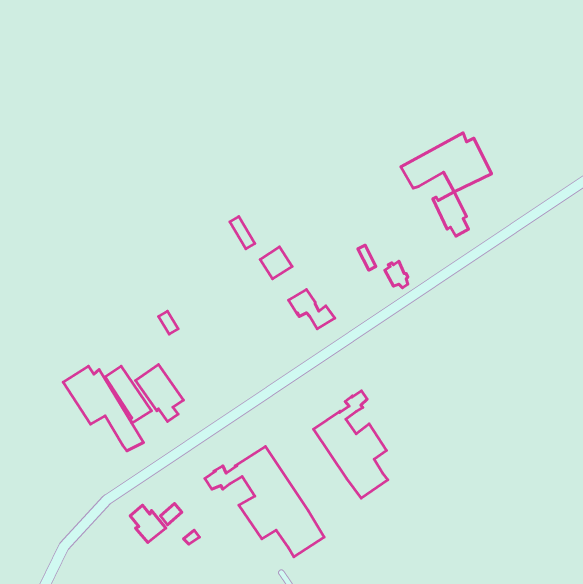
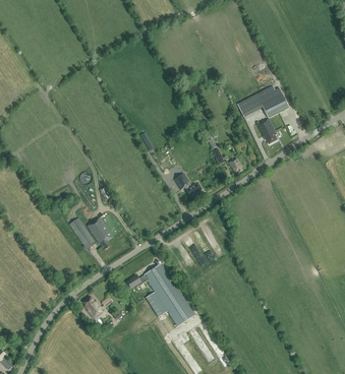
building: [63,366,144,451] -> none
building: [314,391,388,498] -> none

